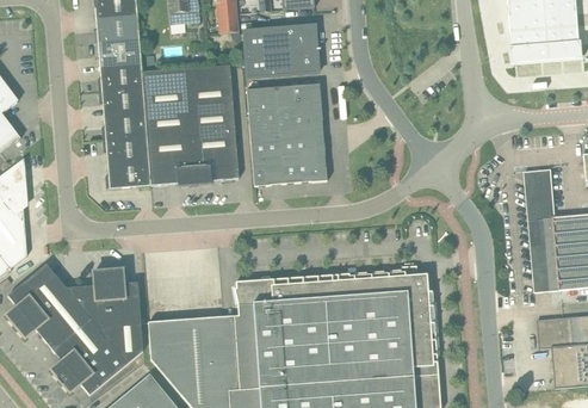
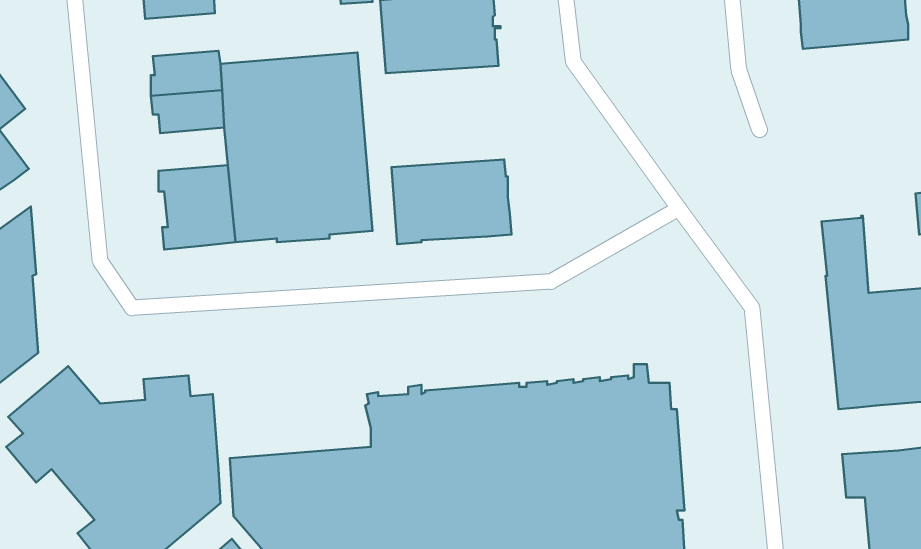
building: [94,39,141,67] -> none
building: [247,84,322,137] -> none
building: [101,112,147,140] -> none

